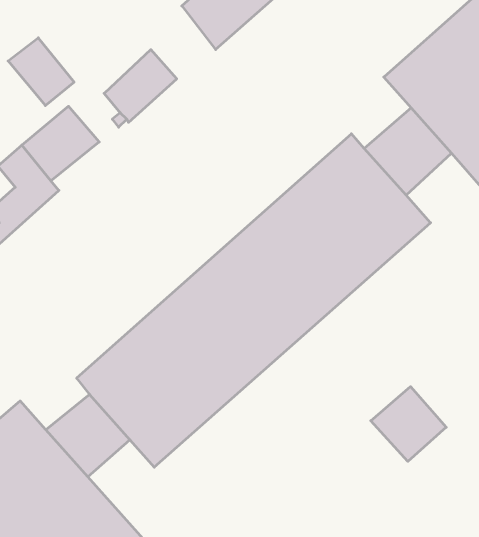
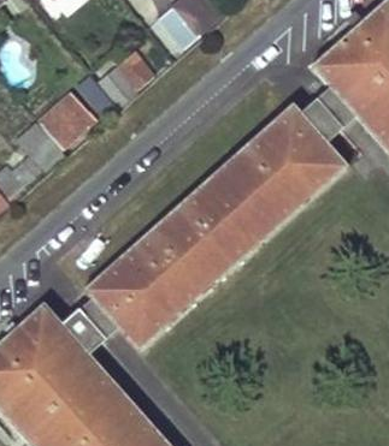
building: [8,38,74,106] -> none
building: [371,387,446,461] -> none

